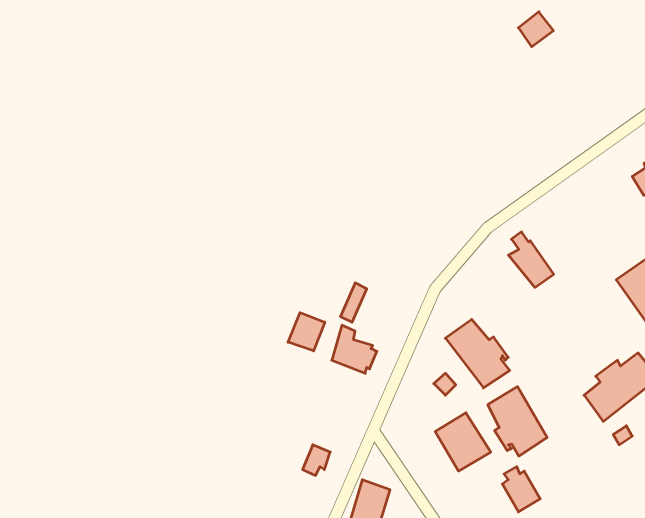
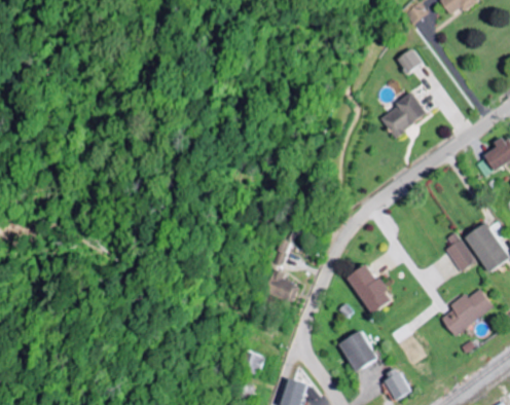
building: none -> [378,91,425,138]
building: [508,232,554,287] -> [444,232,476,271]
building: [288,313,325,351] -> none
building: [488,387,547,456] -> none

